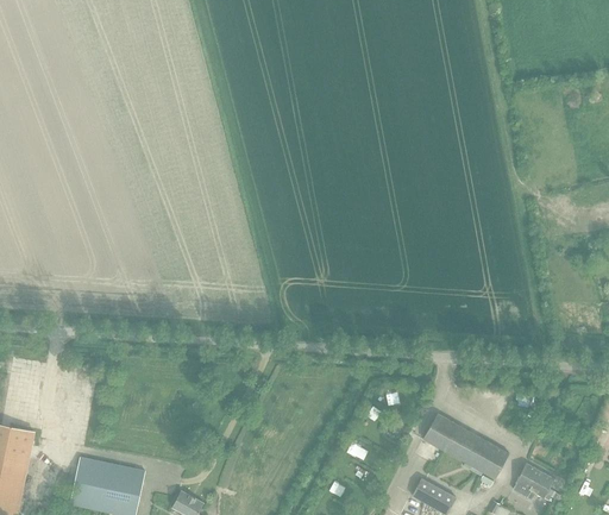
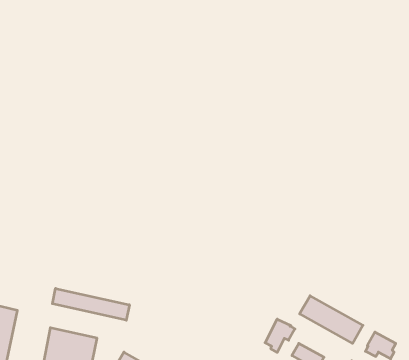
building: none -> [52,288,129,320]
building: none -> [265,319,295,352]

